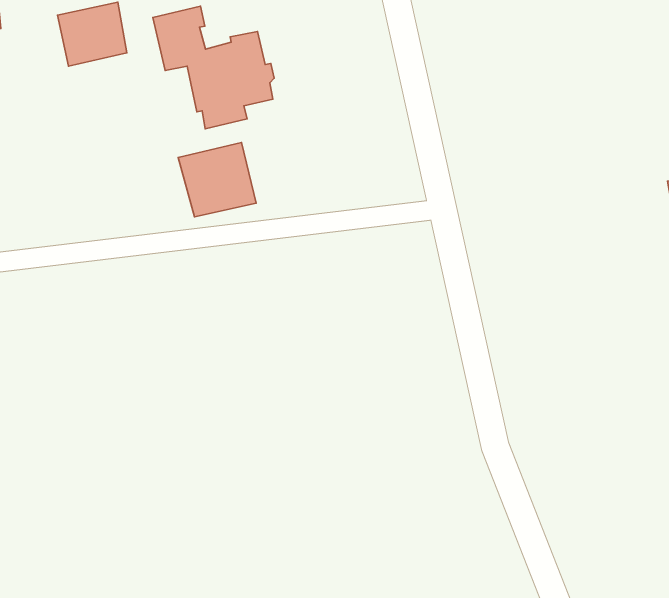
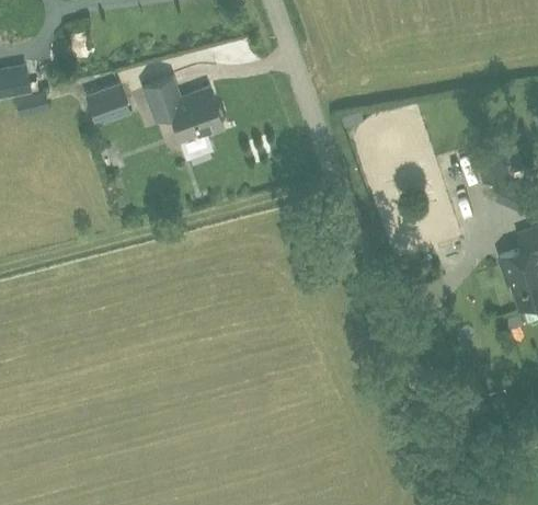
building: [178,143,256,217] -> none

